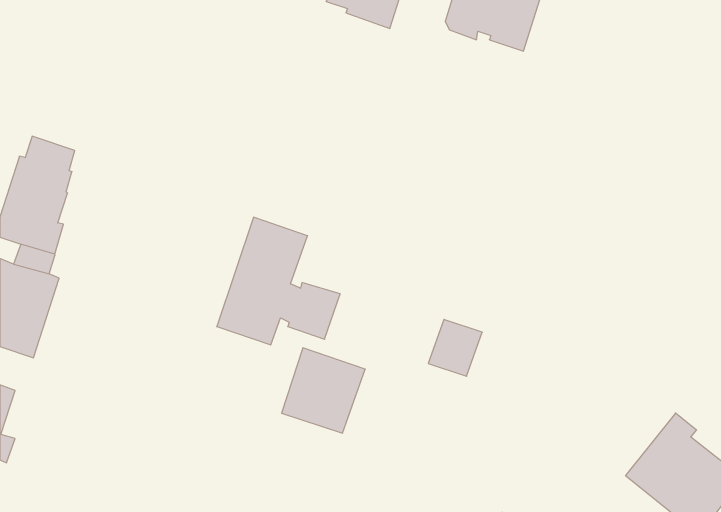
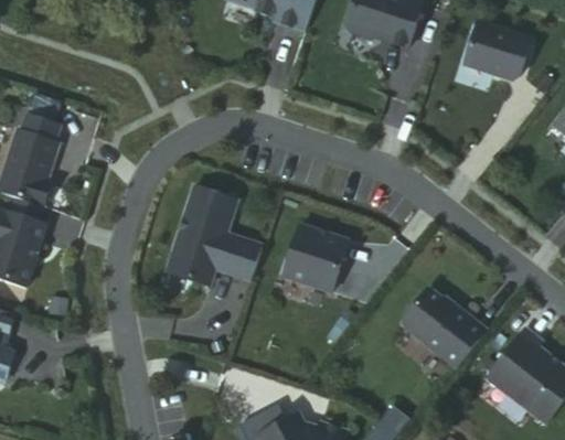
building: none -> [463,22,531,81]
building: [282,348,365,433] -> [286,216,351,282]
building: none -> [404,289,486,368]

